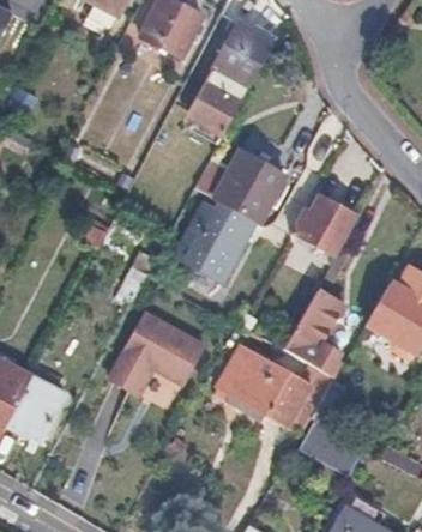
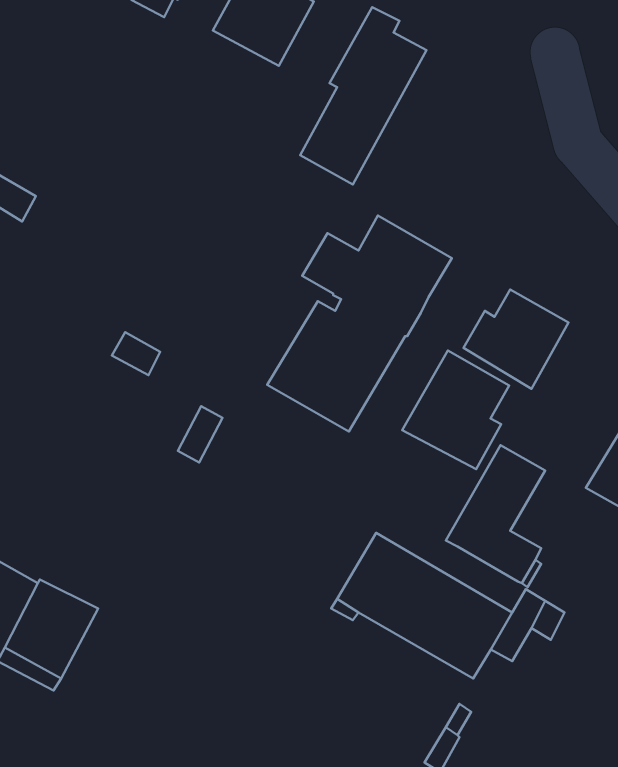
building: none -> [402,351,509,469]
building: [111,315,204,392] -> none
building: [299,425,361,478] -> none

